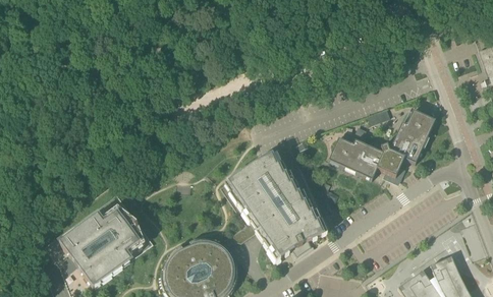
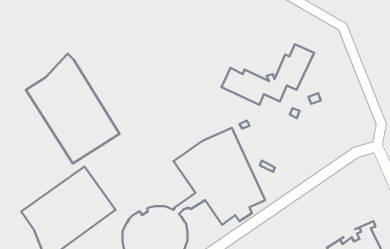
building: none -> [26,54,120,164]
building: [328,110,435,180] -> [222,44,314,105]

